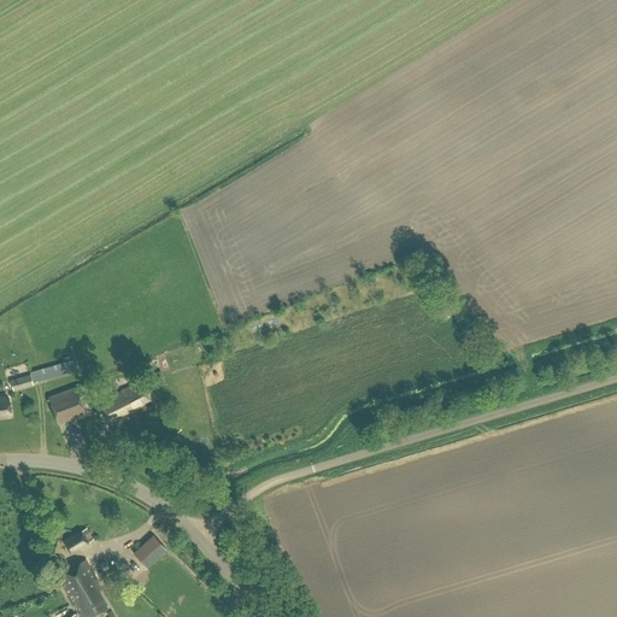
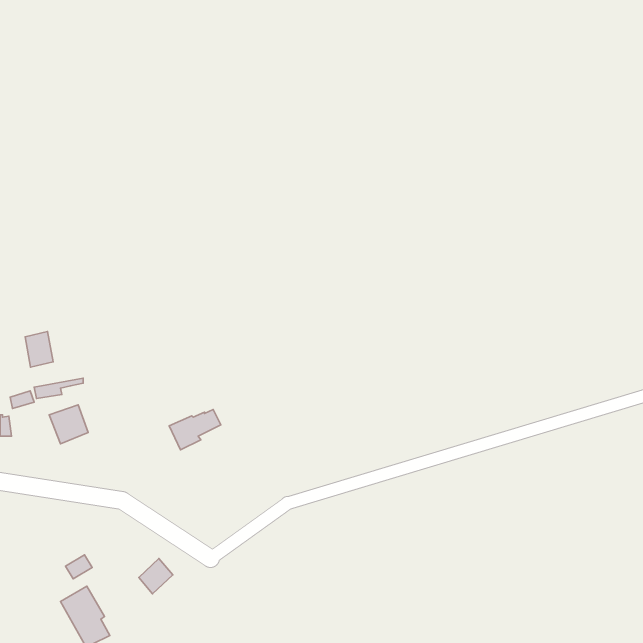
building: none -> [25,332,53,367]
building: [98,387,147,425] -> [169,410,221,450]

